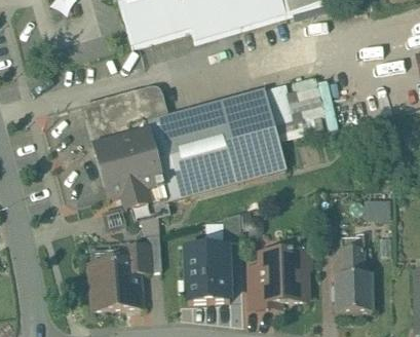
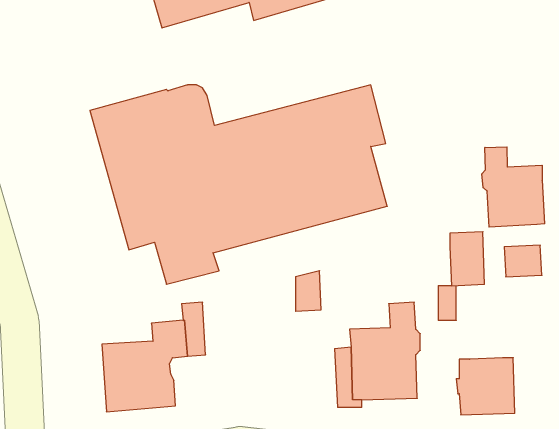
building: none -> [482,147,545,227]
building: [341,236,365,273] -> [450,232,484,286]
building: [185,246,229,301] -> none

